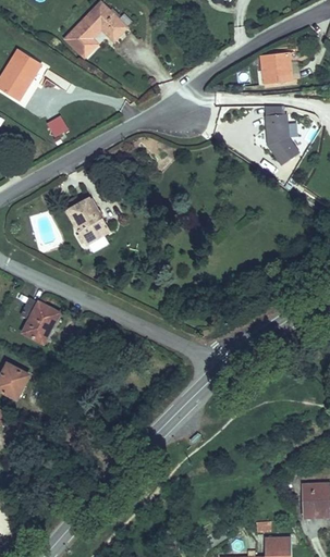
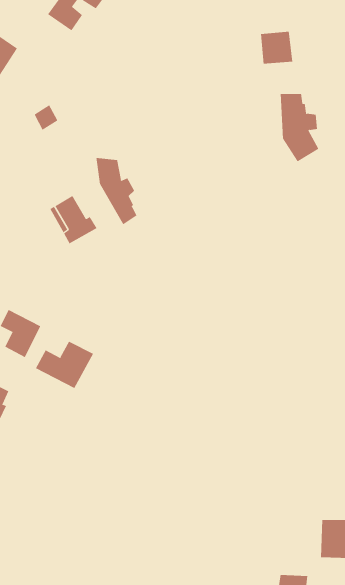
building: none -> [96,157,137,225]
building: none -> [35,341,94,389]

